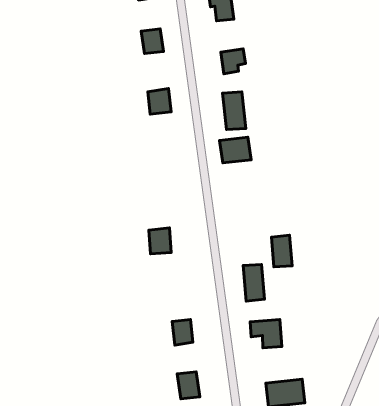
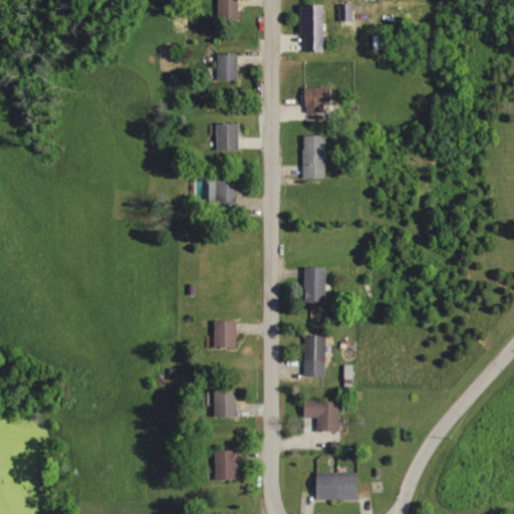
building: [220,137,251,163] -> none
building: none -> [209,181,240,203]
building: [149,228,171,254] -> [214,321,239,349]
building: [271,235,292,267] -> [304,268,326,303]

